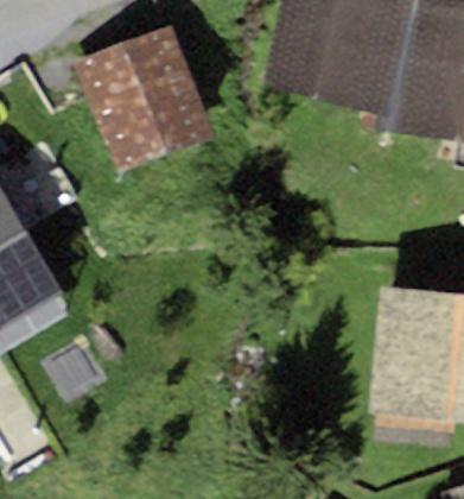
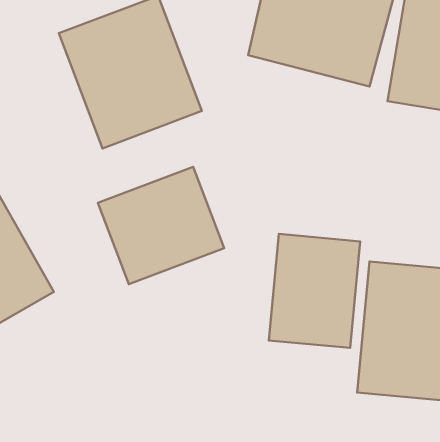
building: none -> [98,167,224,284]
building: none -> [269,234,360,348]

